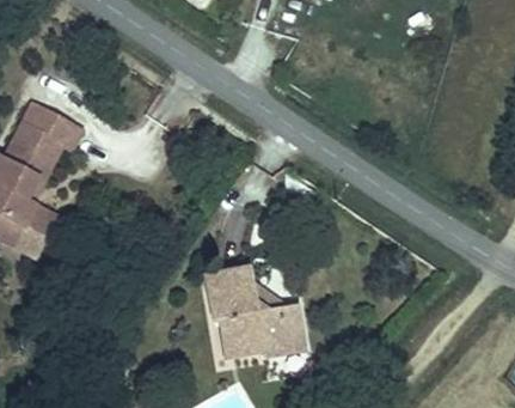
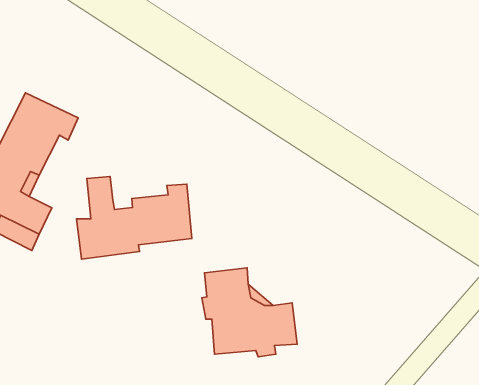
building: none -> [76,177,192,259]

